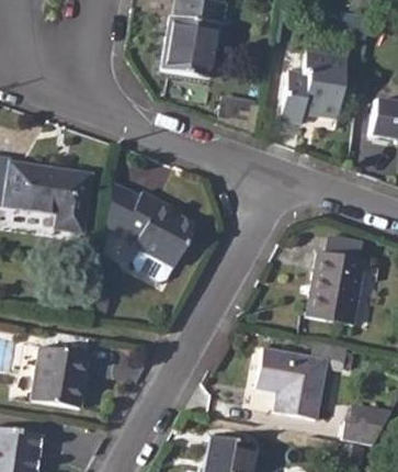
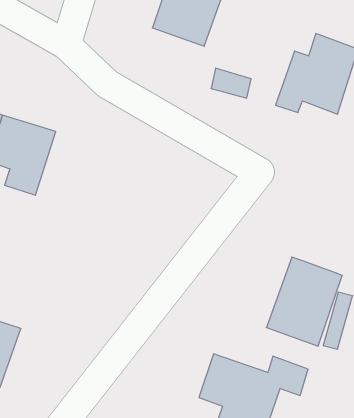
building: [105,177,196,269] -> none

